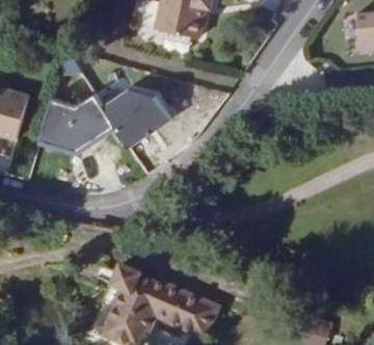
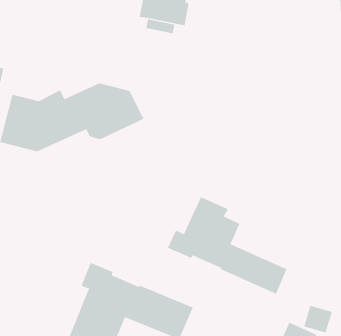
building: none -> [167,196,287,295]

